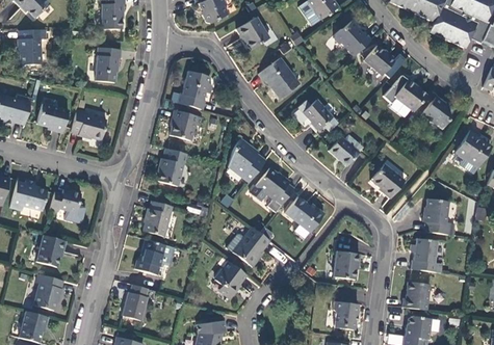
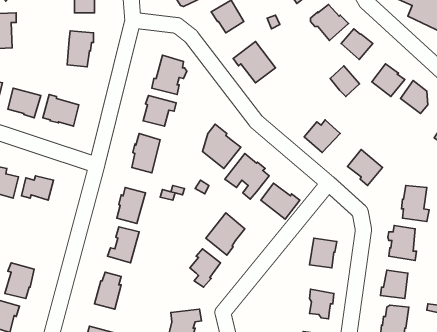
building: [303,99,332,129] -> [330,66,360,97]
building: [36,235,66,267] -> none

